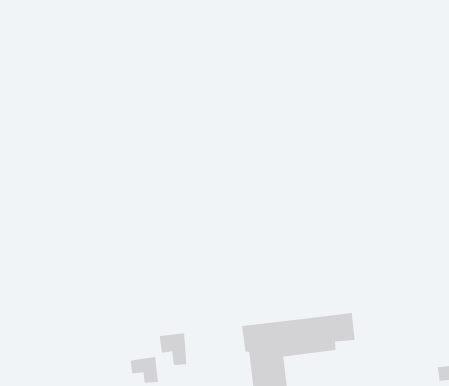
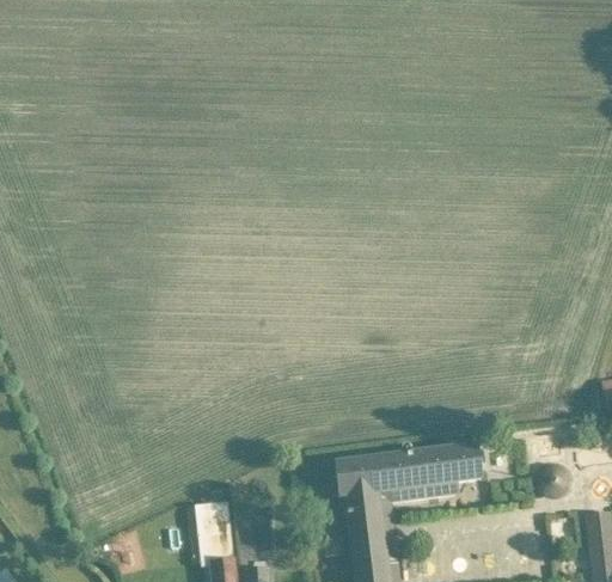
building: [159,333,187,366] -> none

